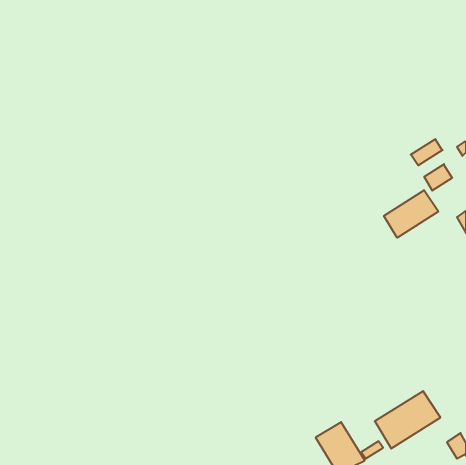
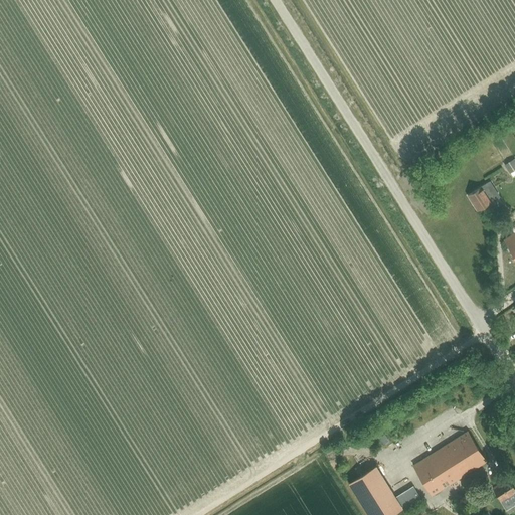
building: [411,139,443,165] -> none
building: [384,190,438,238] -> none

